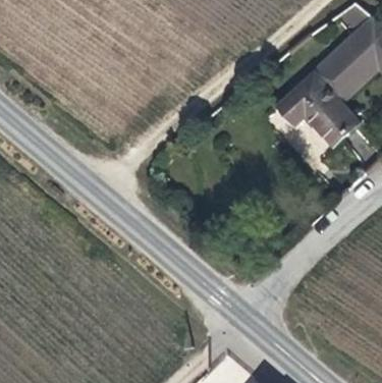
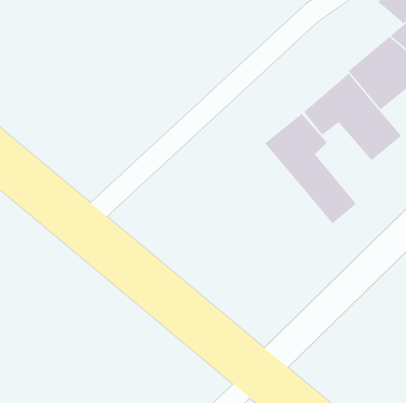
building: none -> [264,113,357,225]

